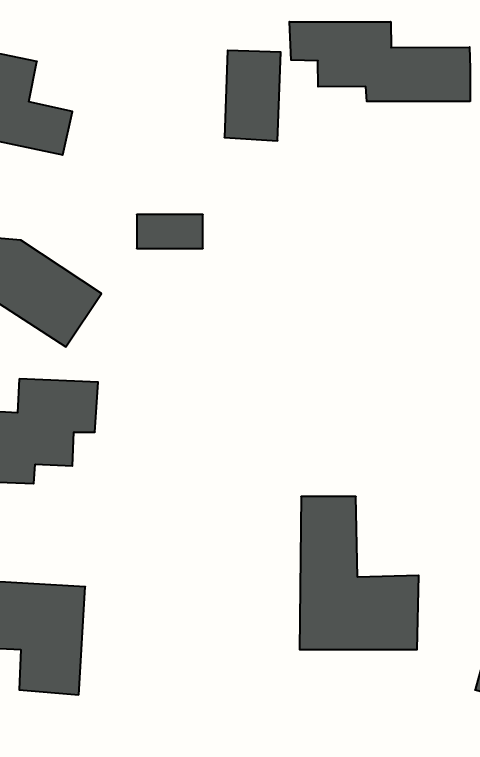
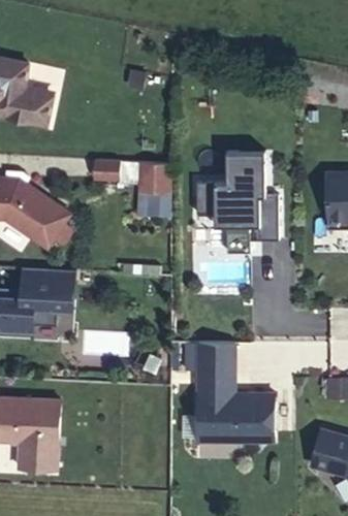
building: [289,22,470,101] -> none
building: [224,50,281,141] -> [135,162,171,220]
building: none -> [195,151,278,251]

